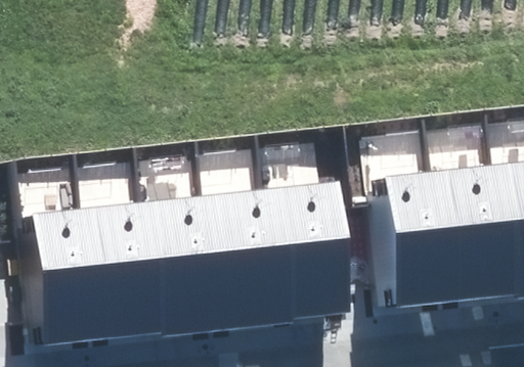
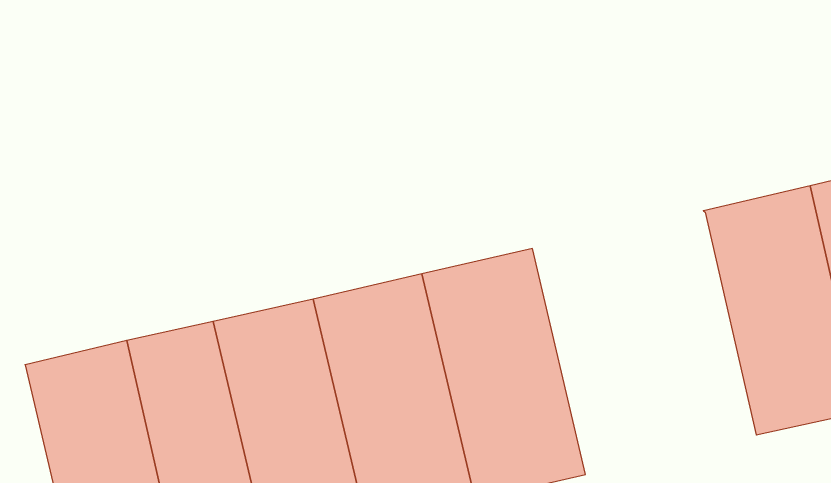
building: [377,171,450,310] -> none

